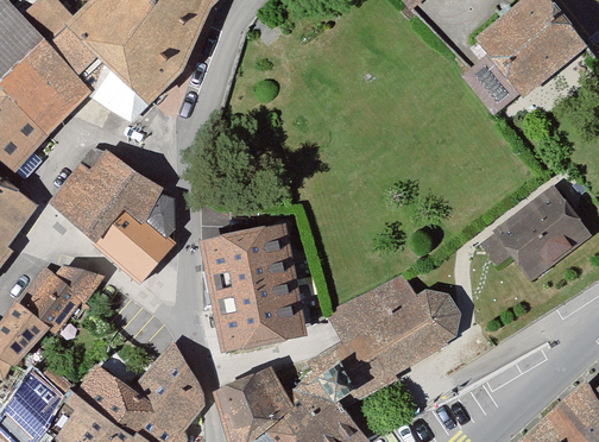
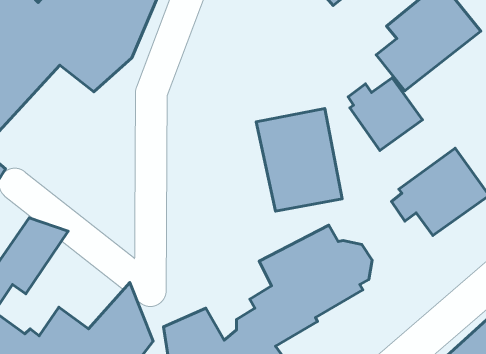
building: none -> [348,78,423,151]
building: [45,141,172,285] -> none
building: [208,220,308,339] -> [256,109,342,211]

